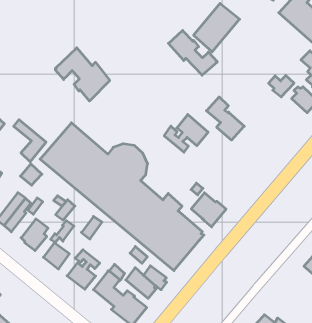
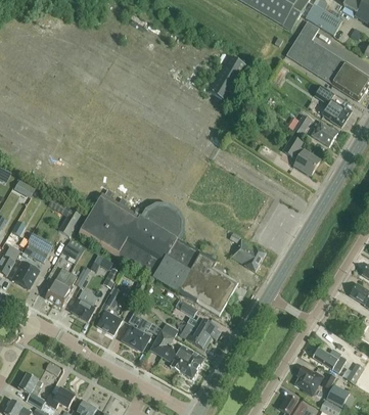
building: [168,30,217,75] -> none
building: [55,48,110,101] -> none
building: [206,97,244,140] -> [282,135,321,175]
building: [164,114,208,152] -> none

